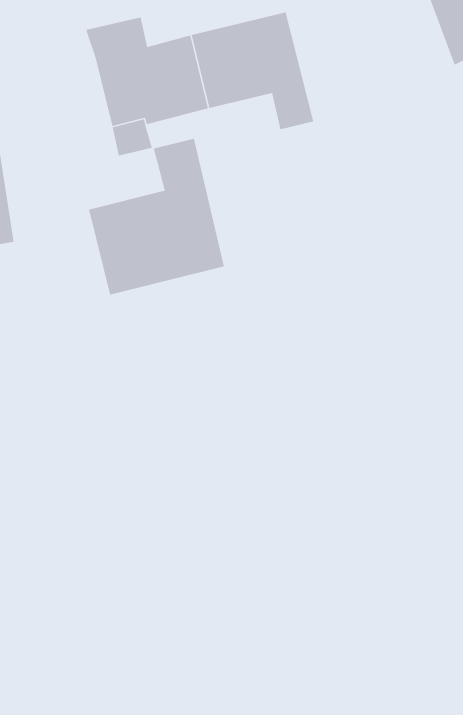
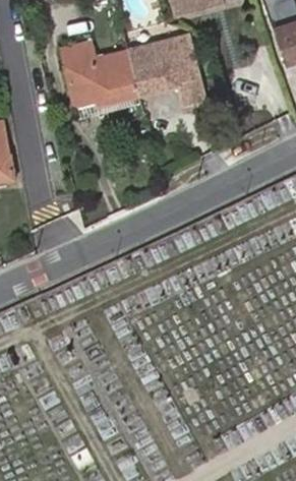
building: [88,138,225,296] -> none

